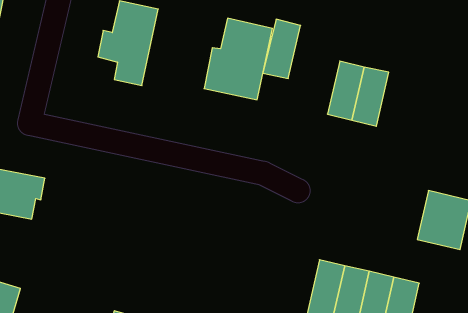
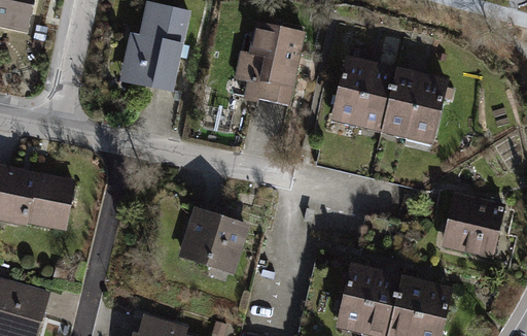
building: [263,19,301,78] -> [332,60,371,120]
building: none -> [408,77,446,138]
building: none -> [183,210,244,266]

